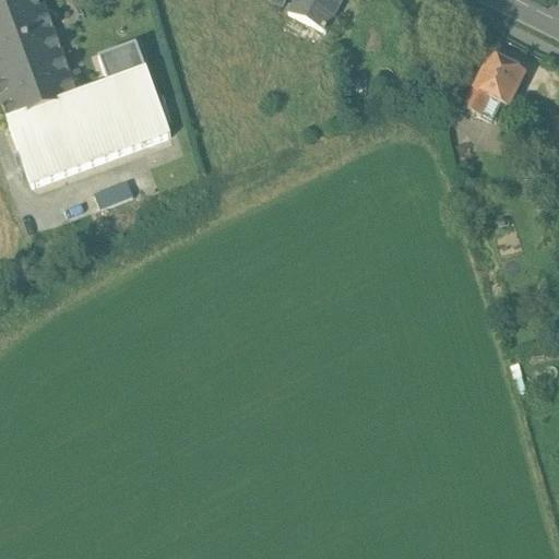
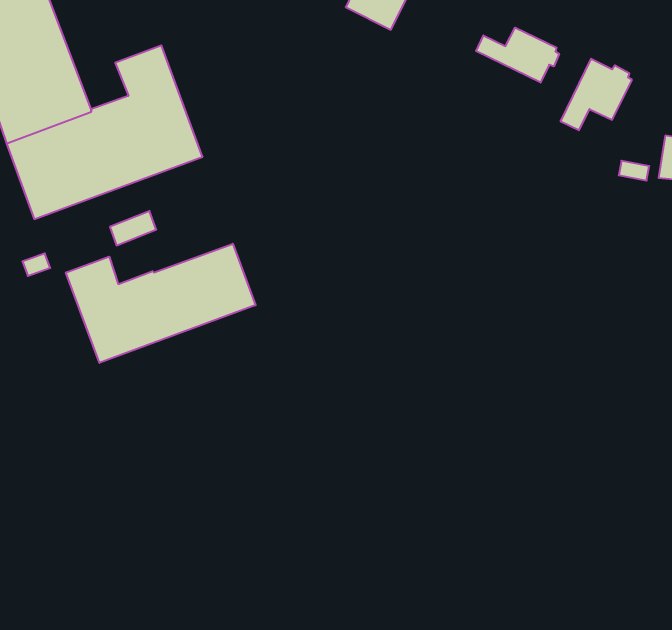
building: none -> [476,28,559,83]
building: none -> [66,244,256,363]

